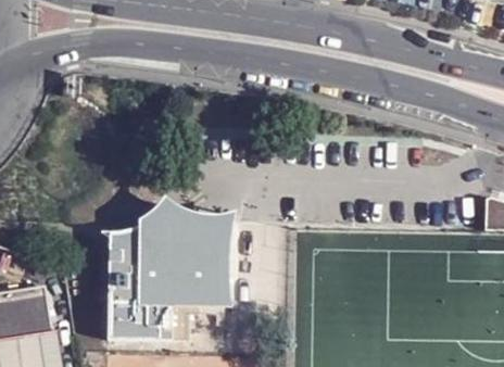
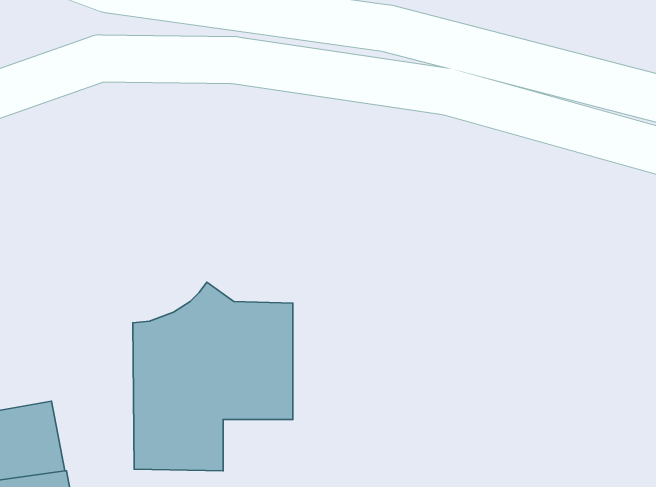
building: [135,197,234,306] -> none

